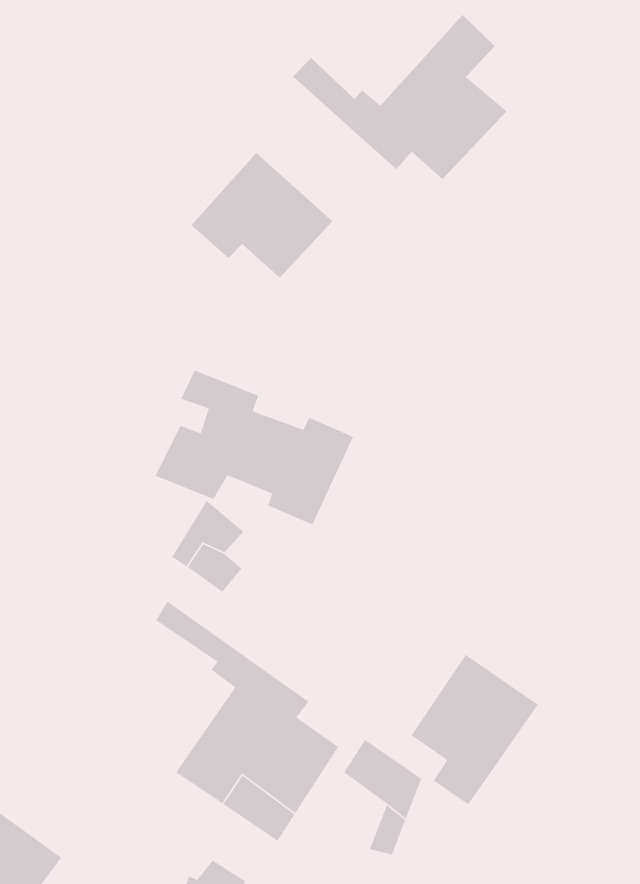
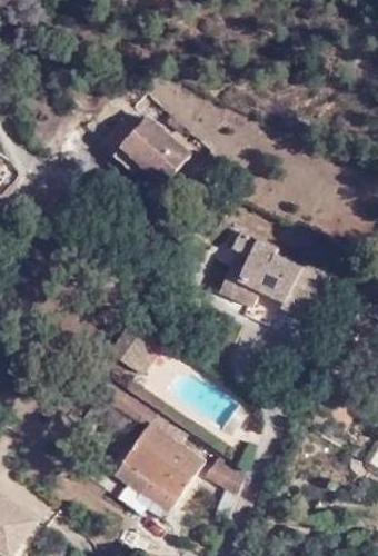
building: [292,14,508,180] -> none
building: [155,369,354,526] -> [217,232,329,320]
building: [411,654,539,806] -> none

